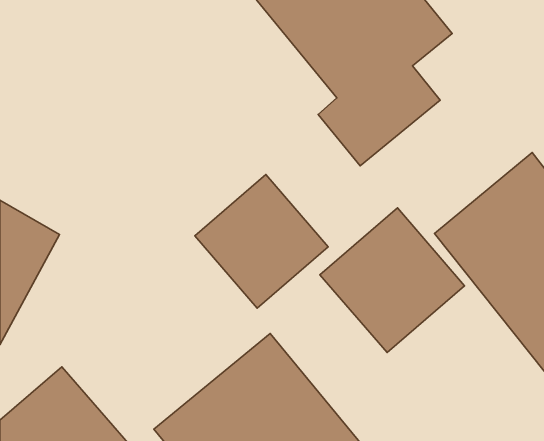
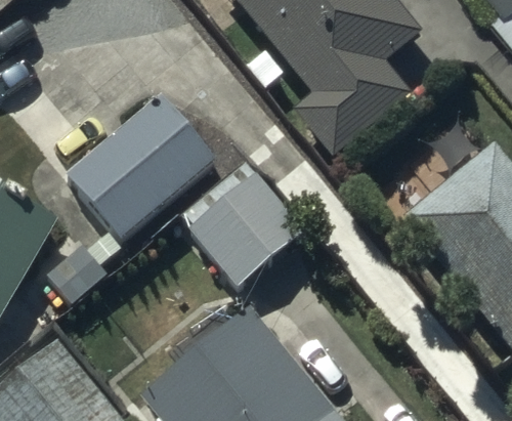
building: none -> [70,94,217,237]
building: [320,208,465,353] -> none

